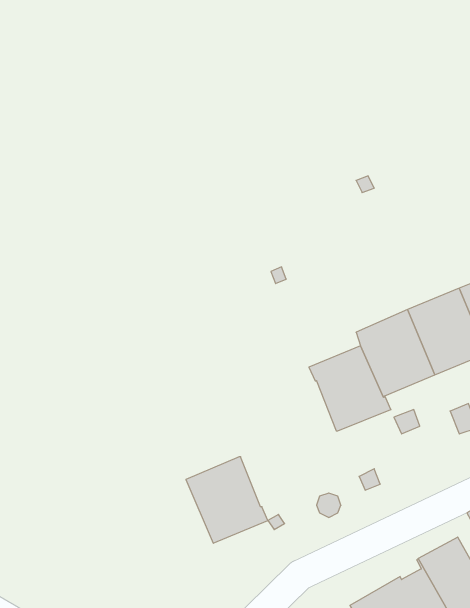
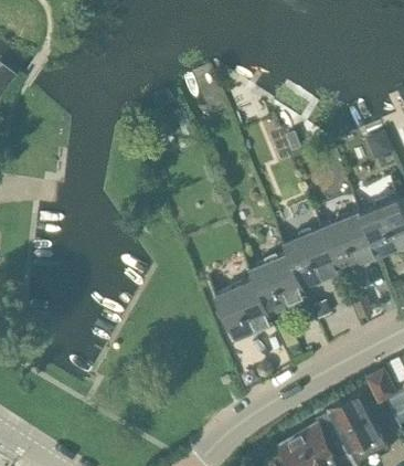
building: [186,457,268,543] -> [215,280,275,343]

